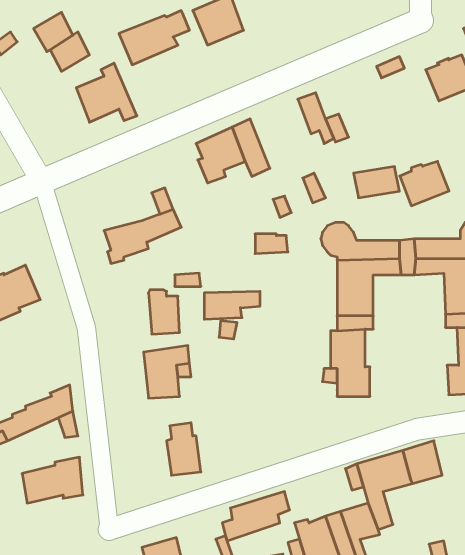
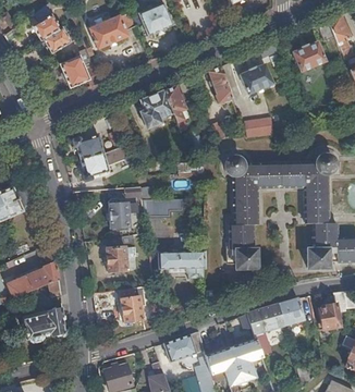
building: [400,161,449,206] -> [241,64,273,94]
building: none -> [72,133,105,158]
building: none -> [159,247,206,268]

